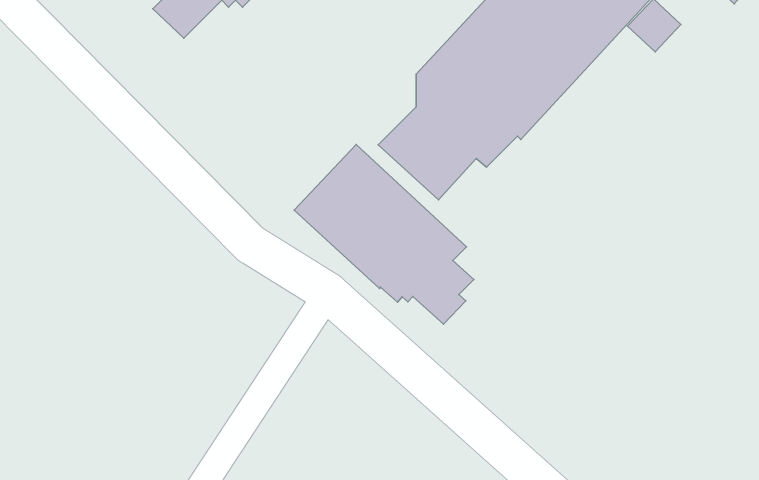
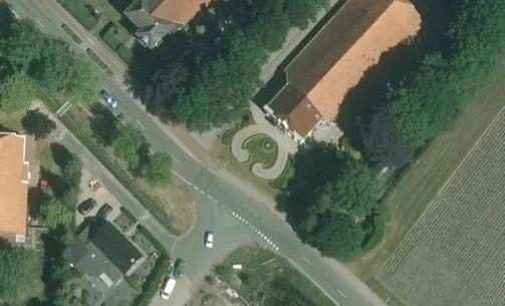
building: [294,144,474,324] -> none
building: none -> [67,217,141,279]

